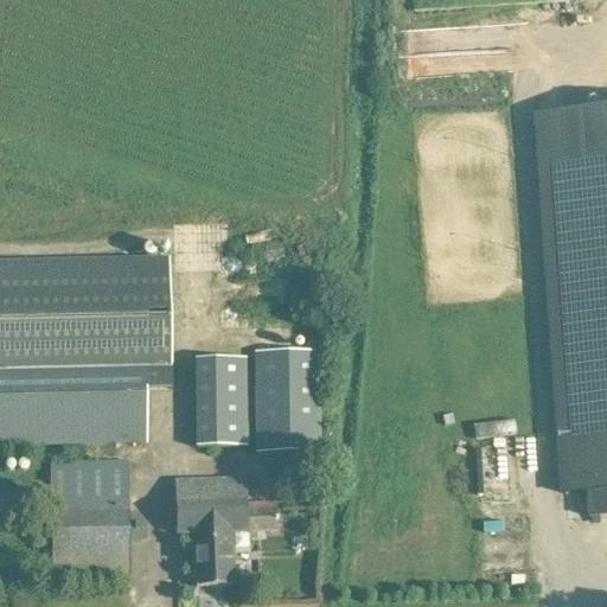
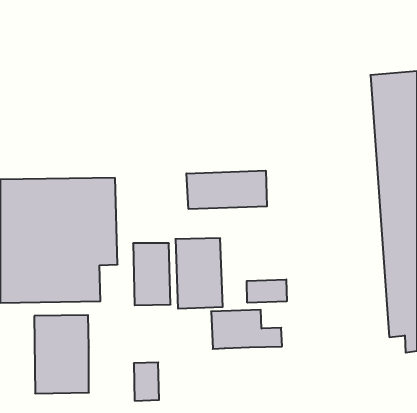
building: none -> [186,171,267,209]
building: none -> [247,279,287,303]
building: [174,472,277,529] -> [211,310,282,349]

